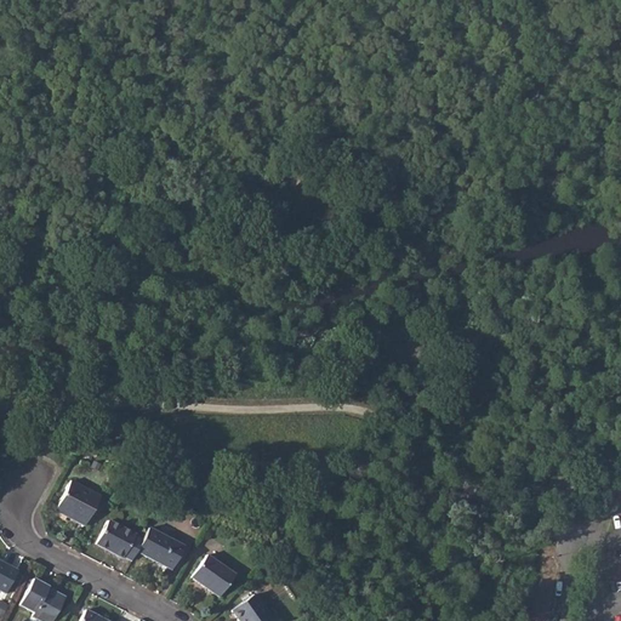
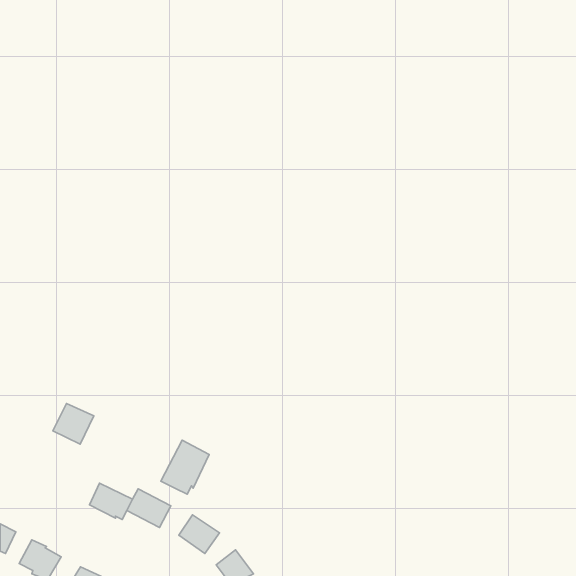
building: none -> [161,440,209,494]
building: [57,482,101,525] -> [53,404,94,444]

